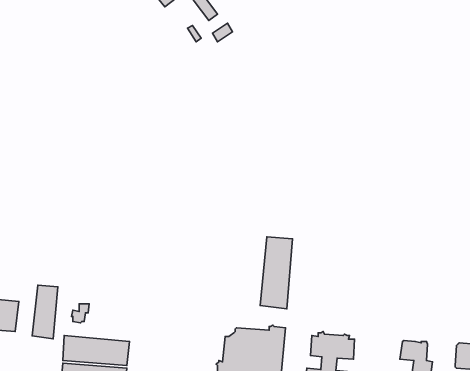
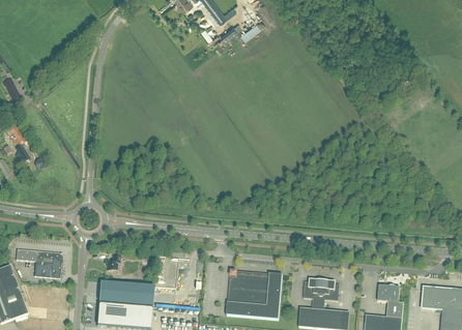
building: [260,237,293,309] -> none
building: [32,285,58,339] -> none

